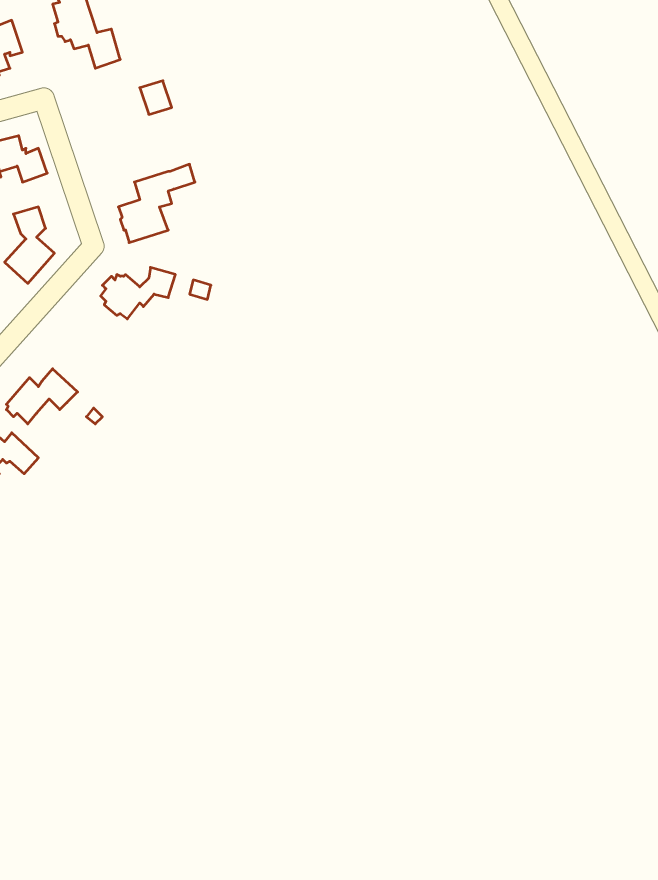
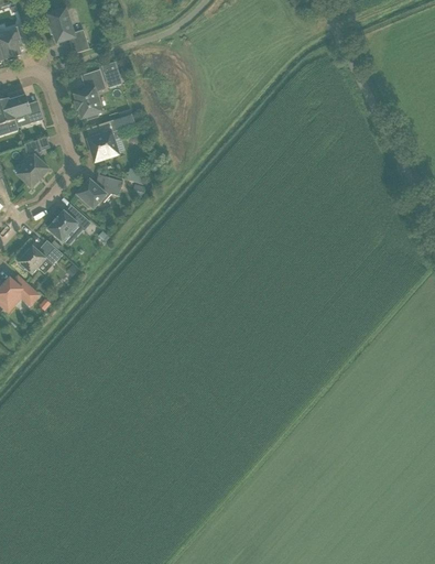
building: none -> [74,69,105,118]
building: none -> [46,210,89,246]

